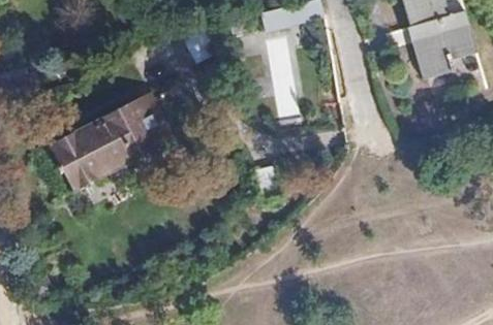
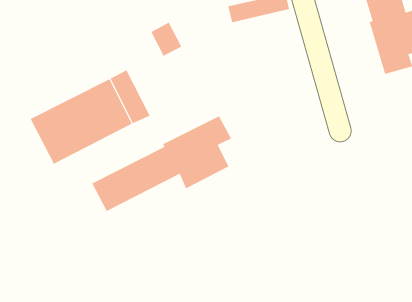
building: [265,39,301,120] -> none
building: none -> [91,115,232,212]

